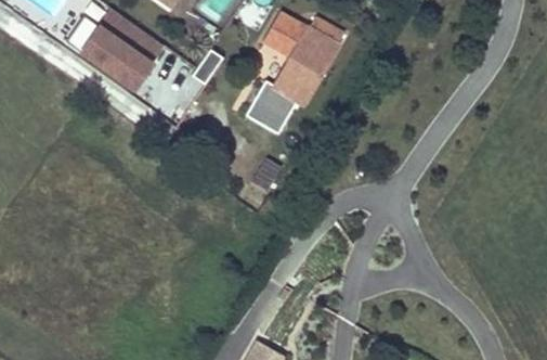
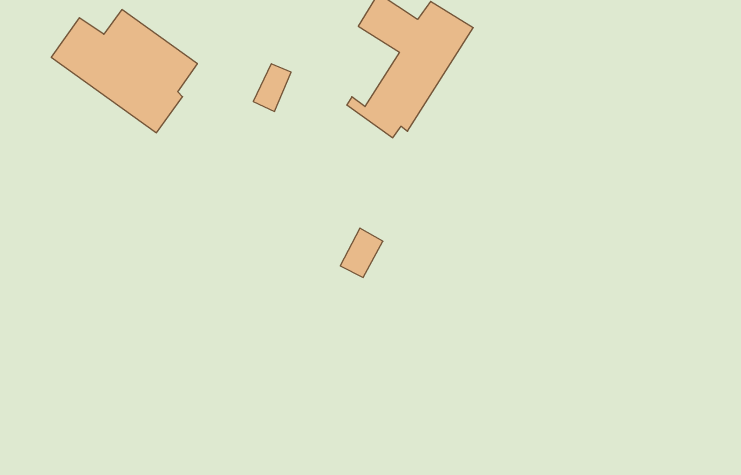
building: [238,79,284,125] -> none

